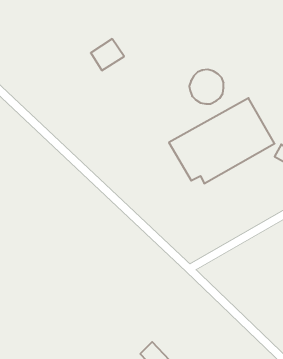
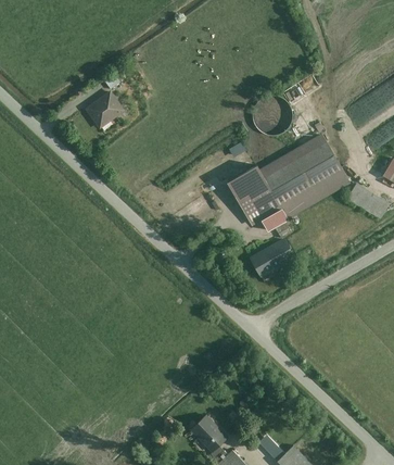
building: [91,39,124,70] -> [86,92,125,129]
building: none -> [250,238,295,276]

